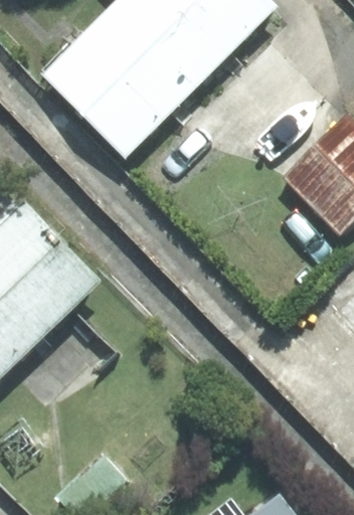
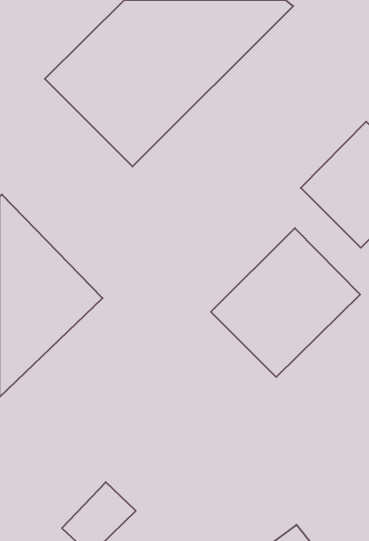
building: none -> [211,228,360,377]

